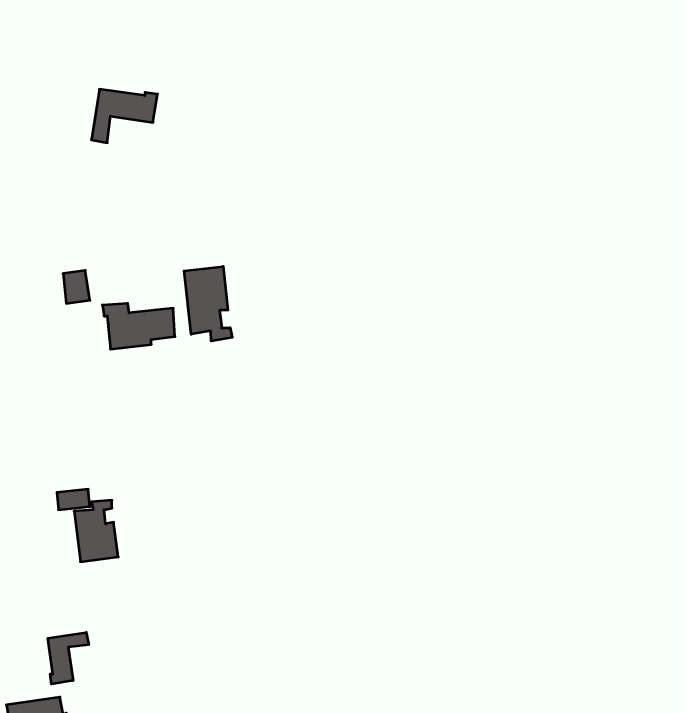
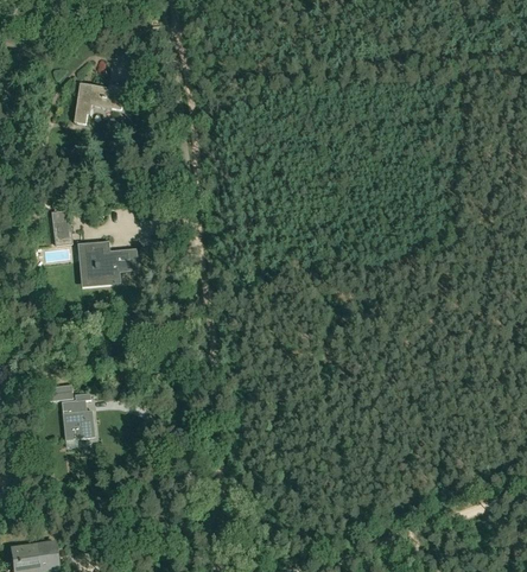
building: [184,266,232,341] -> none
building: [48,632,89,684] -> none

